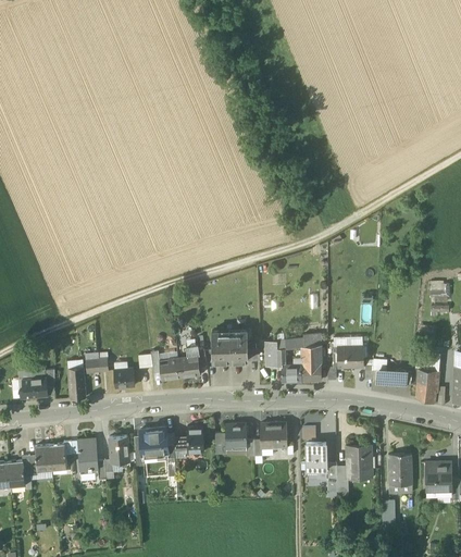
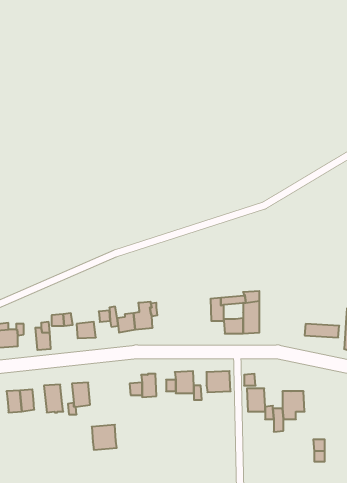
building: [211,331,248,363] -> none
building: [338,347,363,367] -> none
building: [140,428,169,456] -> [92,425,117,450]
building: [389,454,412,484] -> none

